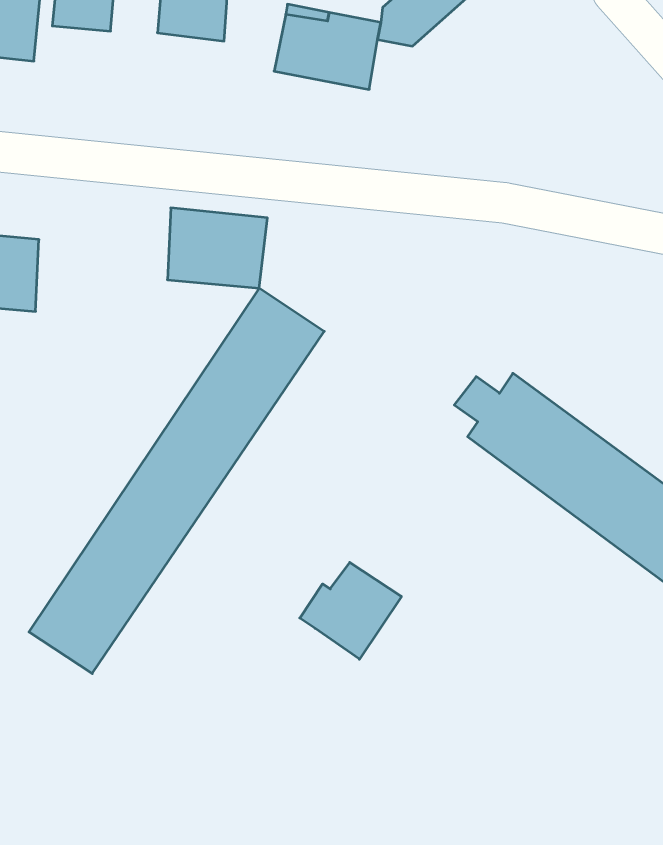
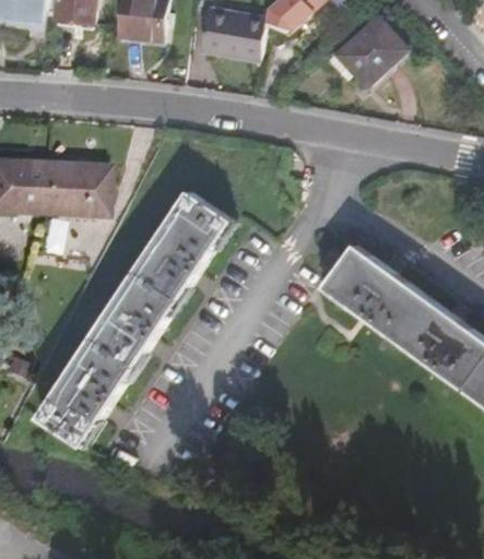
building: none -> [339,16,409,85]
building: [167,208,267,288] -> [42,159,107,212]
building: [300,562,401,659] -> none

